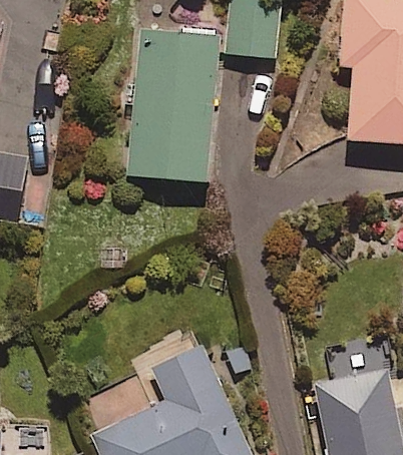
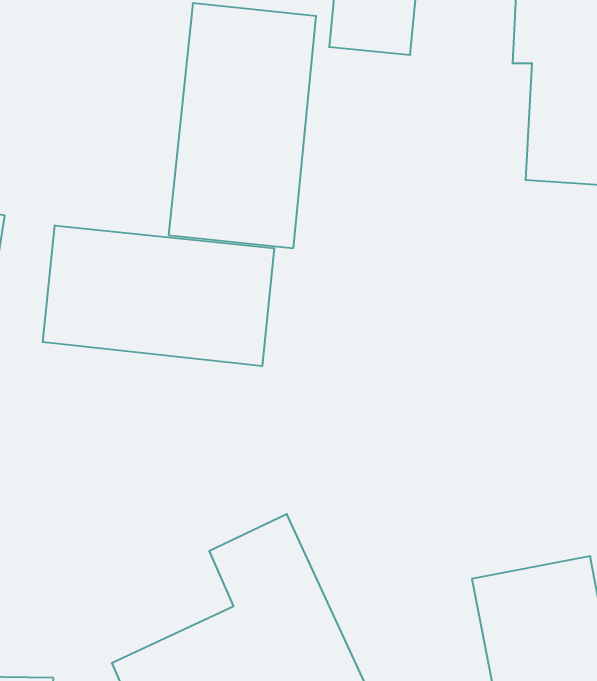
building: none -> [43,225,274,366]

